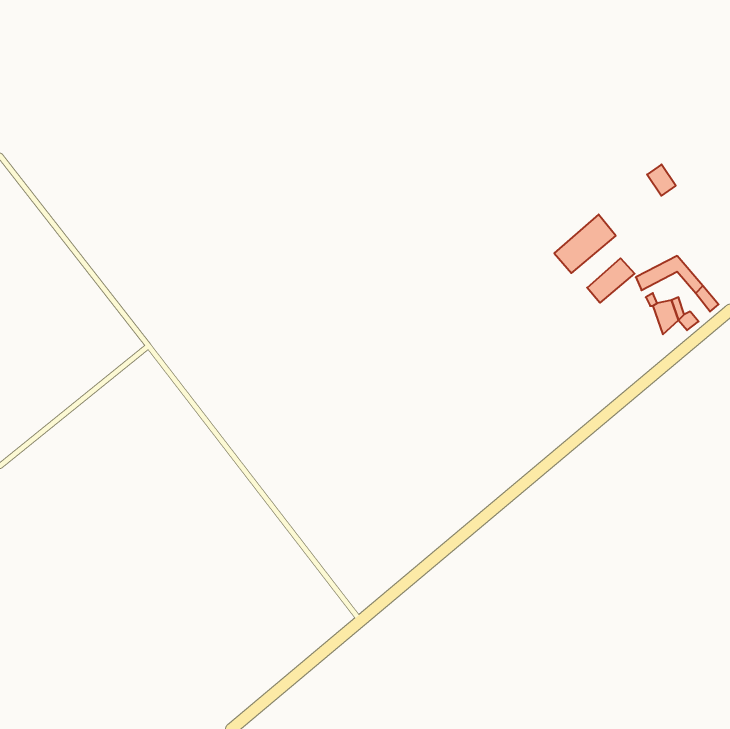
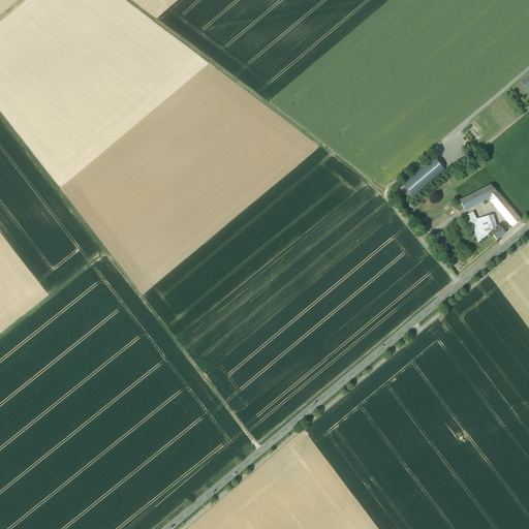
building: [587,258,635,303] -> none

